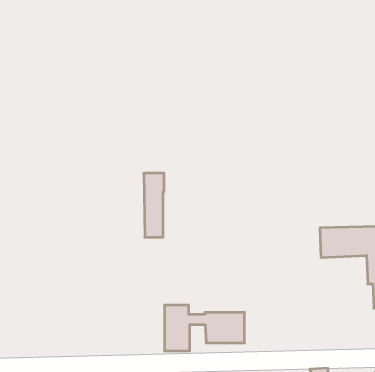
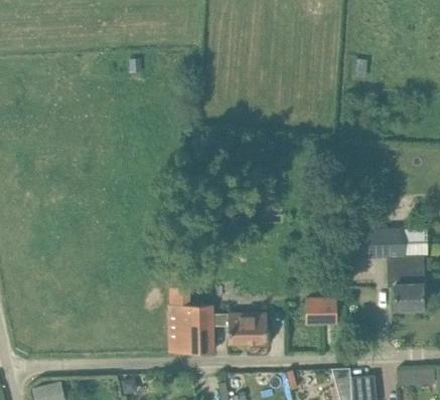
building: [144,173,164,237] -> [169,288,189,352]
building: none -> [305,298,336,326]

